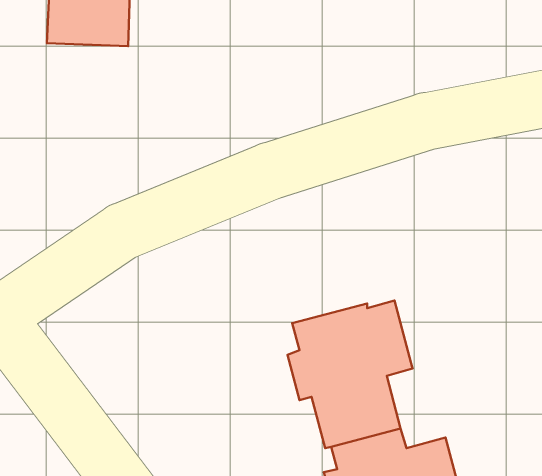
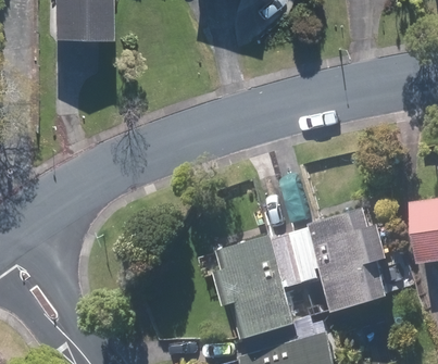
building: none -> [292,206,389,309]

